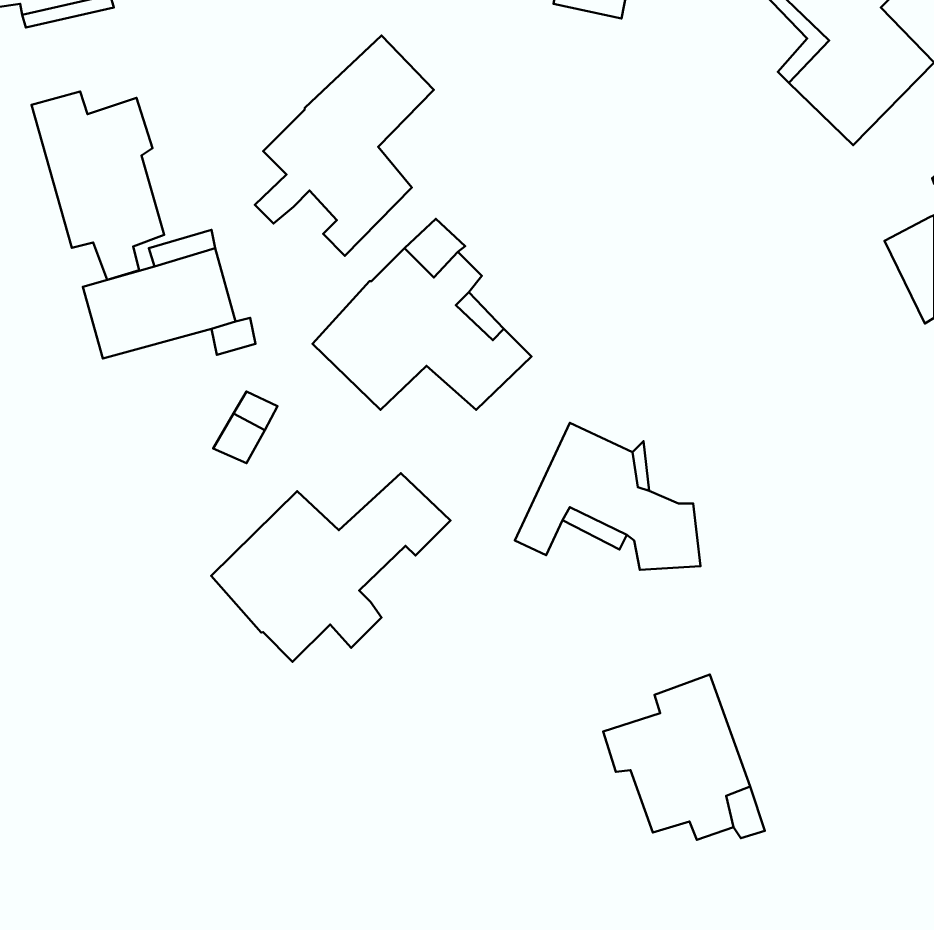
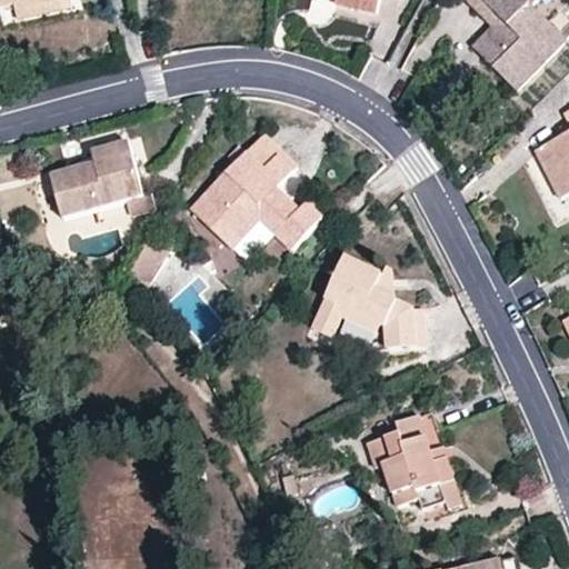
building: [255,36,434,256] -> none
building: [31,91,164,280] -> none
building: [211,473,450,662] -> none

